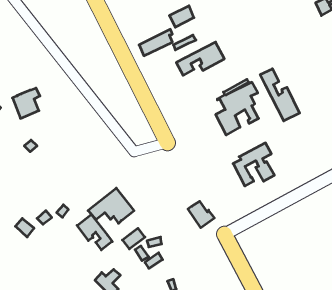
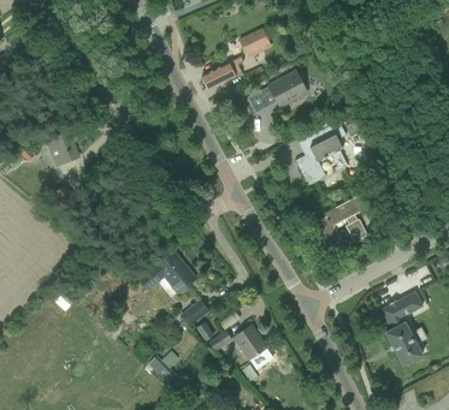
building: [260,69,300,121] -> none
building: [188,201,214,228] -> [235,327,267,360]
building: [77,214,112,250] -> none
building: none -> [382,292,423,366]

